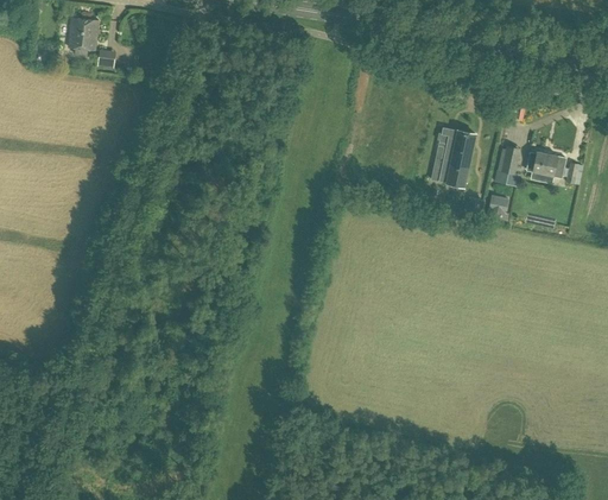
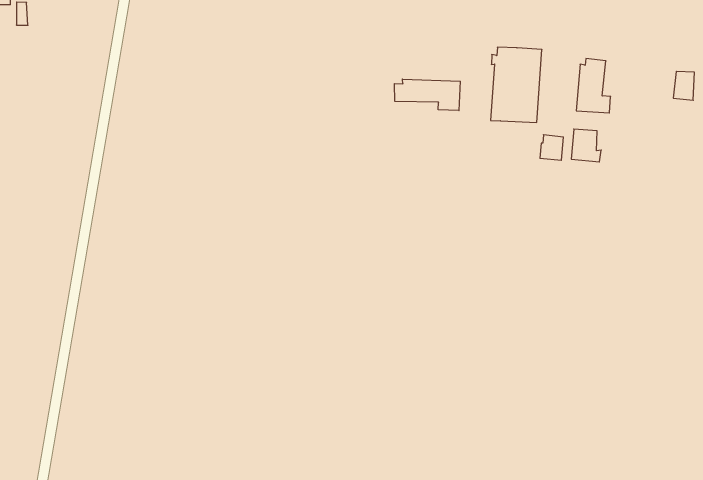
building: none -> [395,79,460,111]
building: [526,151,565,183] -> none

